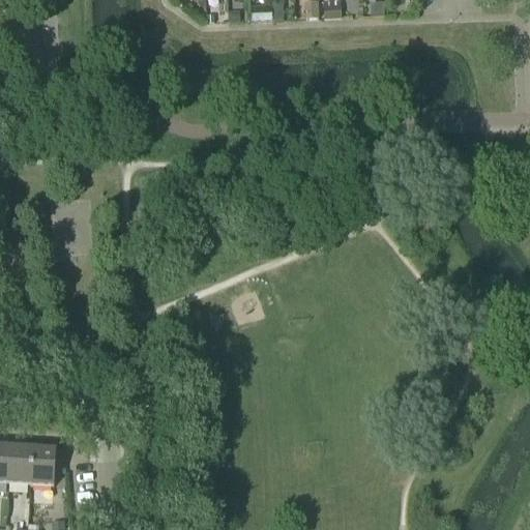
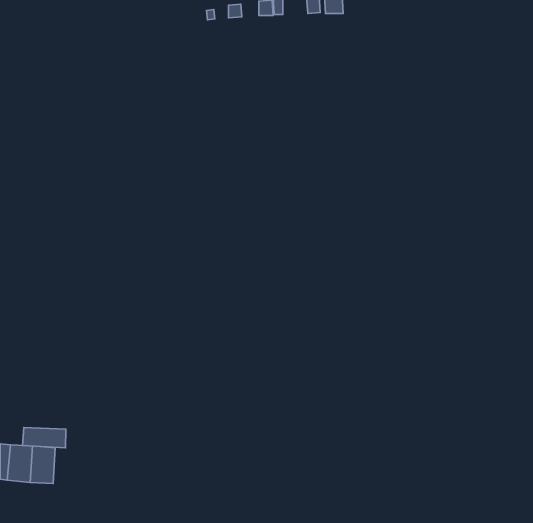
building: none -> [23,428,66,448]

